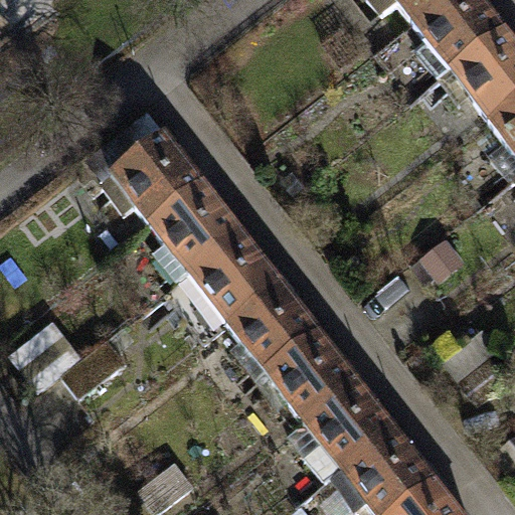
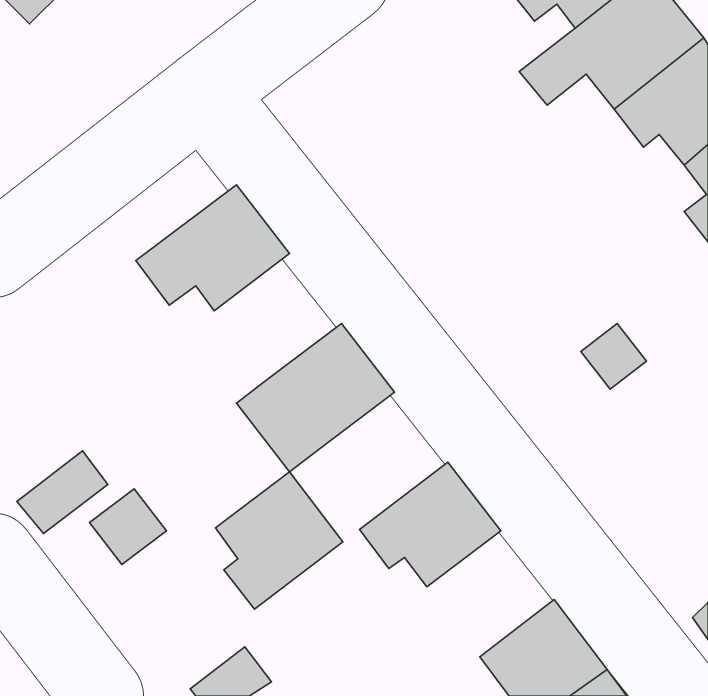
building: [154,182,245,273] -> none
building: [230,282,322,380] -> [215,472,343,609]
building: [307,381,398,484] -> none

